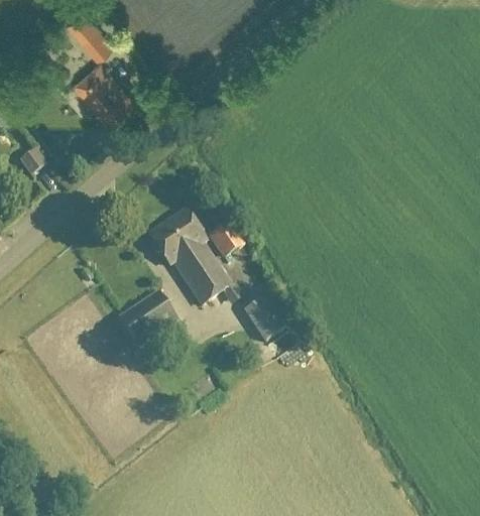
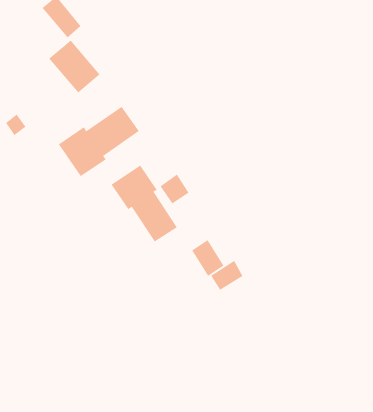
building: none -> [58,106,140,177]
building: [118,291,176,347] -> none
building: none -> [210,260,243,291]

